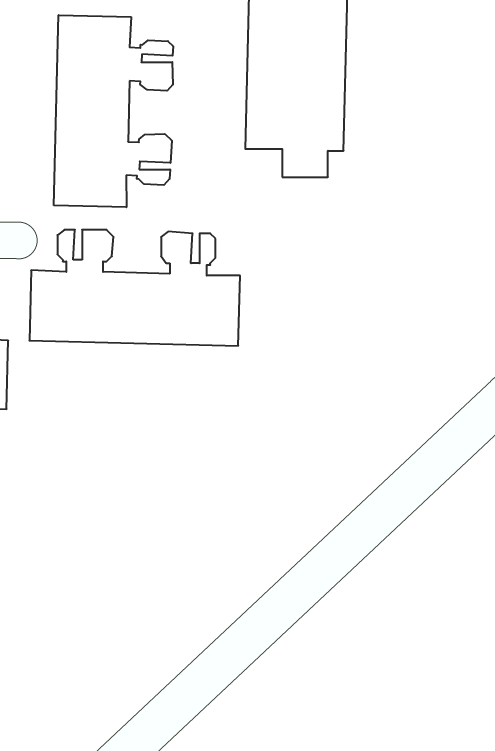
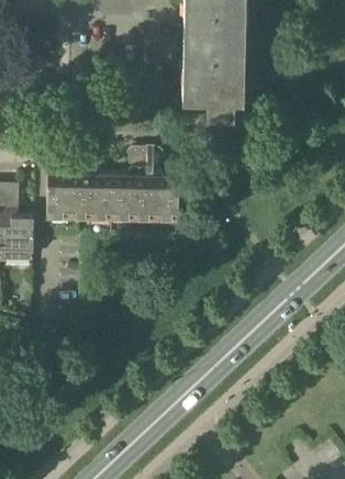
building: [54,15,173,207] -> none

